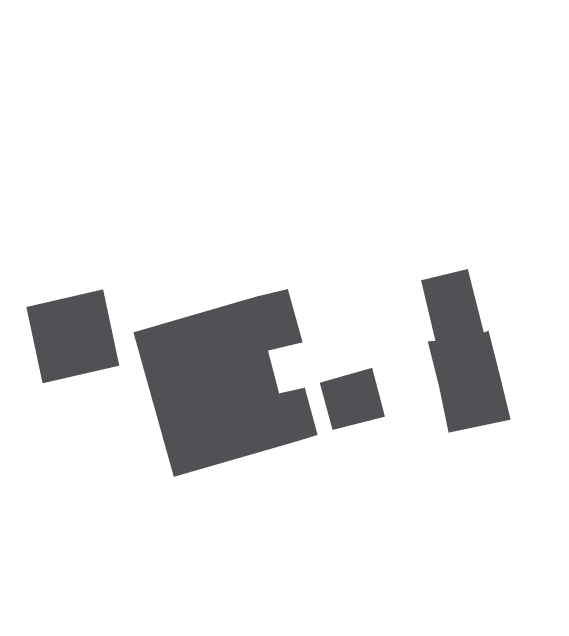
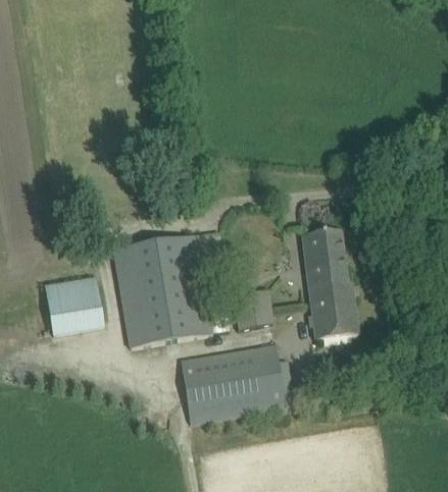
building: [25,289,120,384] -> [53,282,111,340]
building: none -> [179,344,291,422]

